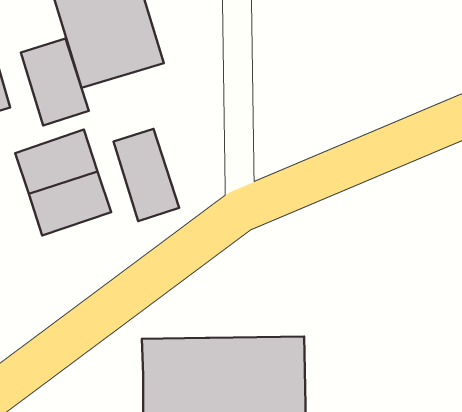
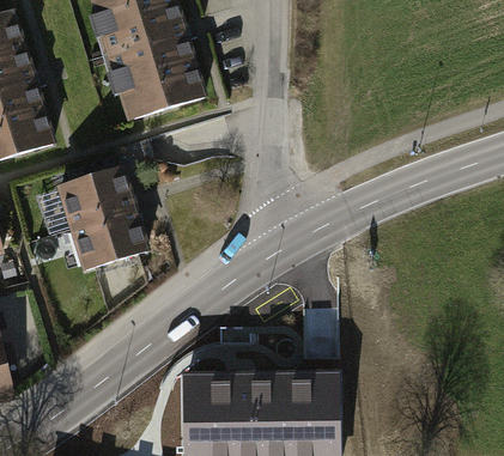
building: [21,39,89,126] -> none
building: [114,129,179,221] -> none

